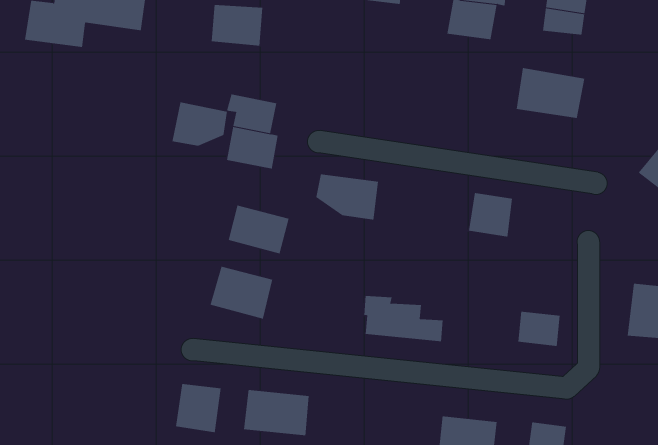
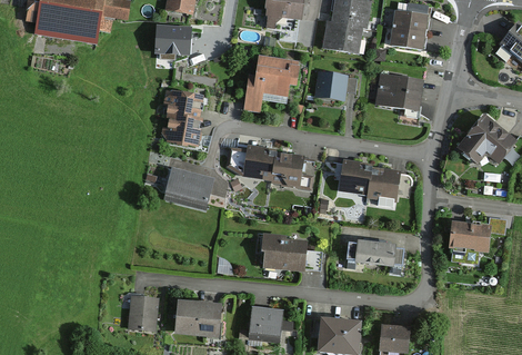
building: none -> [247,56,301,111]
building: none -> [317,71,349,100]
building: [172,102,228,147] -> none
building: none -> [270,152,309,185]
building: none -> [367,165,399,197]
building: [210,266,273,319] -> none
building: none -> [345,243,375,268]
building: none -> [247,304,282,335]

